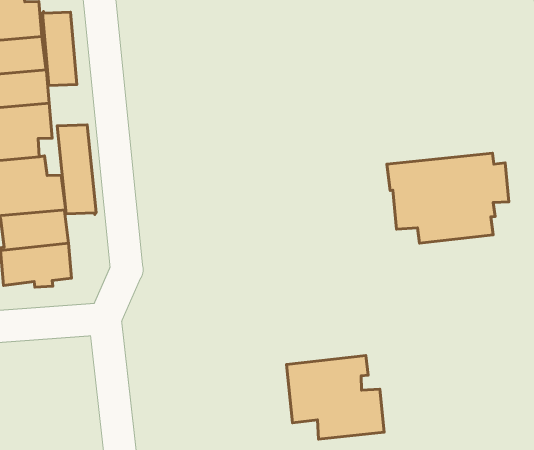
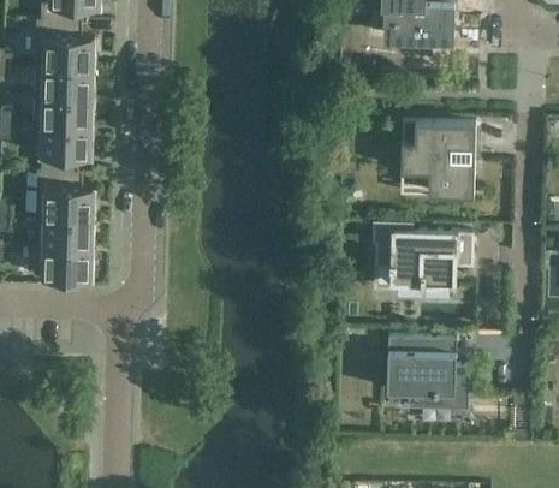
building: [43,12,77,85] -> none
building: none -> [400,123,475,197]
building: [57,125,96,214] -> none
building: [286,356,384,439] -> [386,339,464,407]

